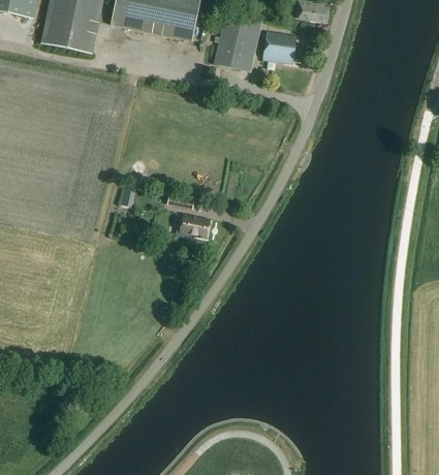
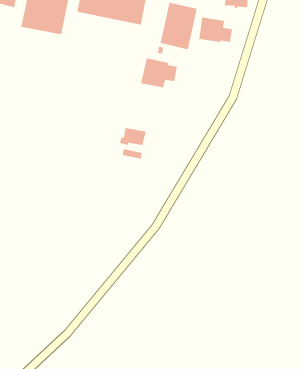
building: none -> [141,57,177,88]
building: [176,215,210,237] -> [119,127,146,146]

